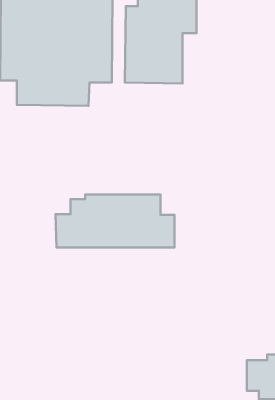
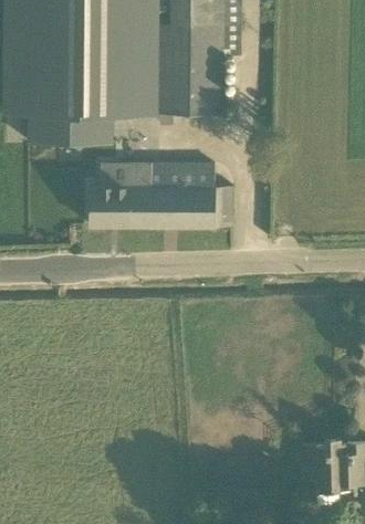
building: [56,195,175,247] -> [86,161,228,224]

